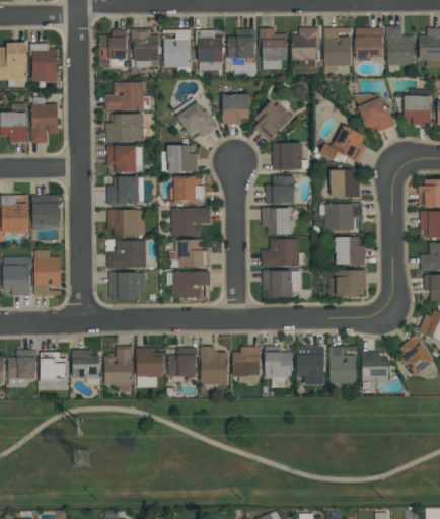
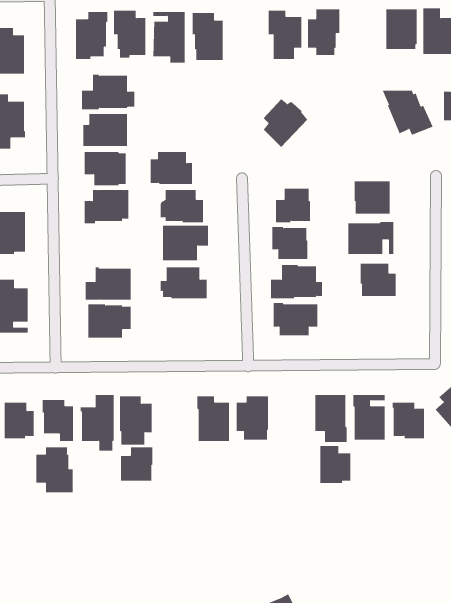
building: [323,27,350,72] -> none
building: [225,29,254,65] -> none
building: [221,94,248,124] -> none
building: [175,97,217,138] -> none
building: [318,125,365,162] -> none
building: [273,143,308,170] -> none
building: [107,209,145,236] -> none
building: [335,270,366,296] -> none
building: [166,272,210,298] -> none
building: [265,346,291,377] -> [319,446,351,484]
building: [168,348,196,376] -> [120,447,153,481]
building: none -> [36,446,73,493]

